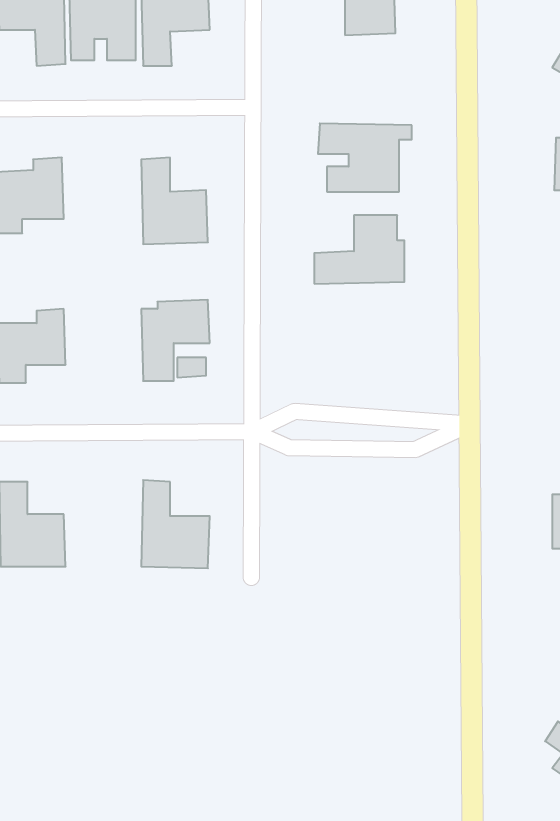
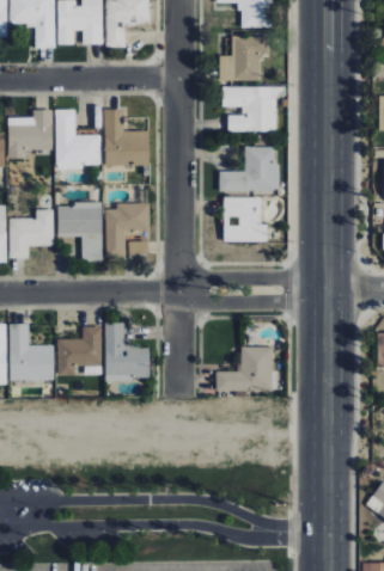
building: none -> [219,36,268,81]
building: none -> [55,109,100,167]
building: none -> [223,197,267,242]
building: none -> [56,203,102,260]
building: none -> [56,326,102,375]
building: none -> [214,346,272,392]

